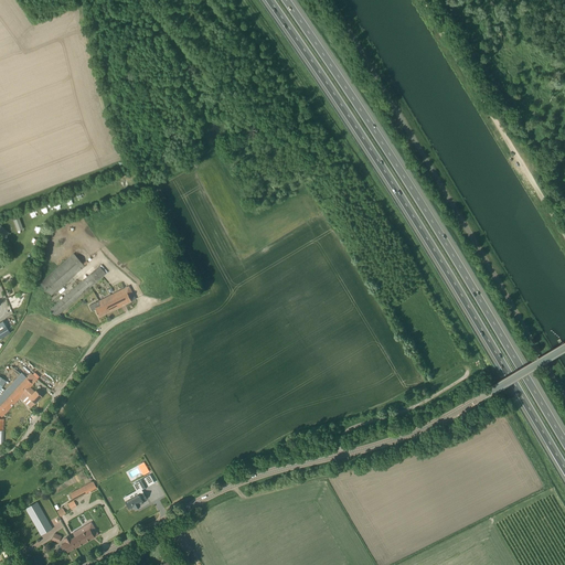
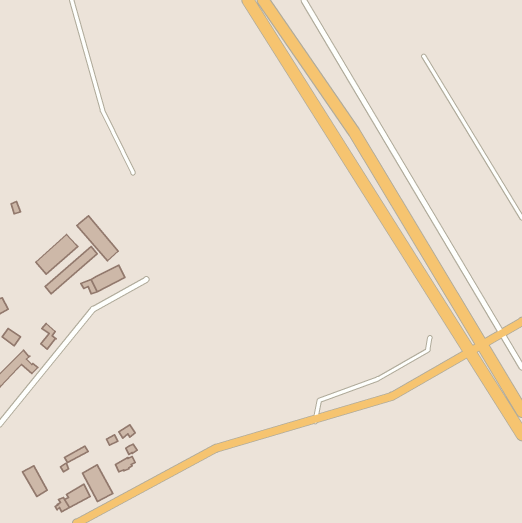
building: none -> [77,216,118,261]
building: none -> [83,465,113,502]

